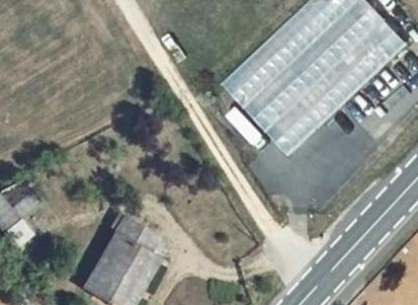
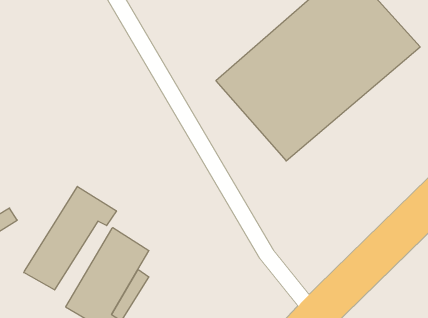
building: none -> [24,186,116,290]

